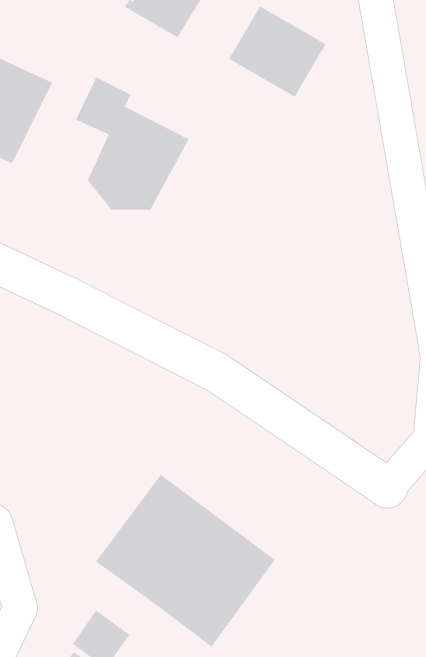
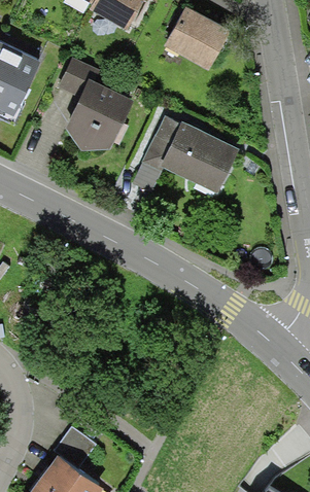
building: none -> [132,114,240,195]
building: [95,474,276,648] -> none

